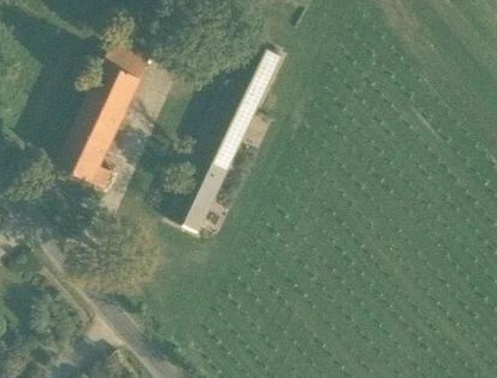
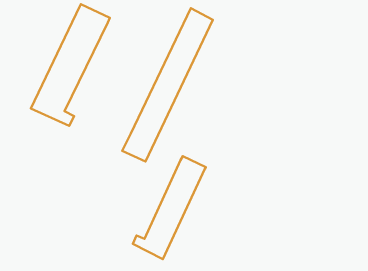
building: none -> [133,156,206,259]

